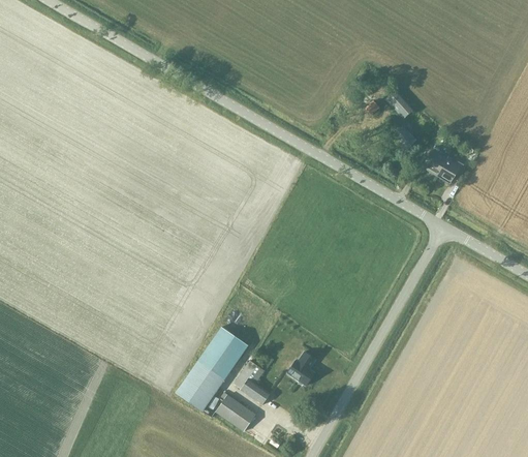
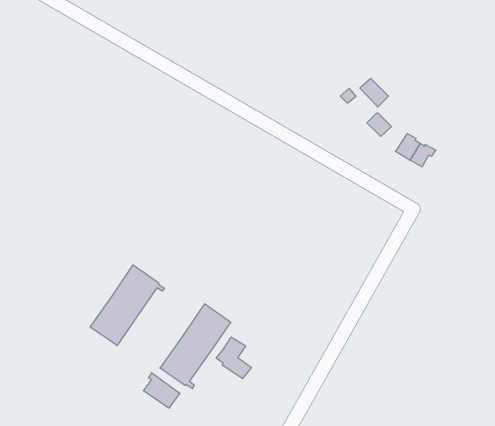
building: none -> [90,265,164,346]
building: [287,353,316,387] -> none
building: [216,394,254,431] -> [143,373,180,408]

